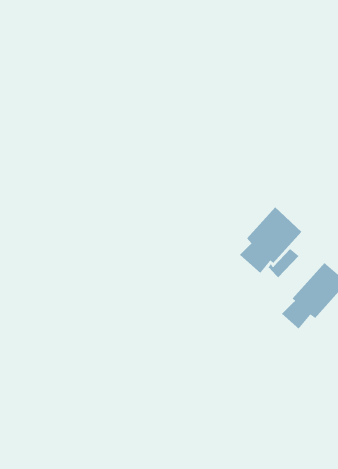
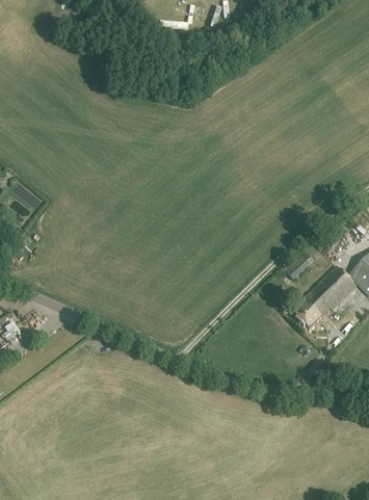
building: [239,206,302,274] -> none

